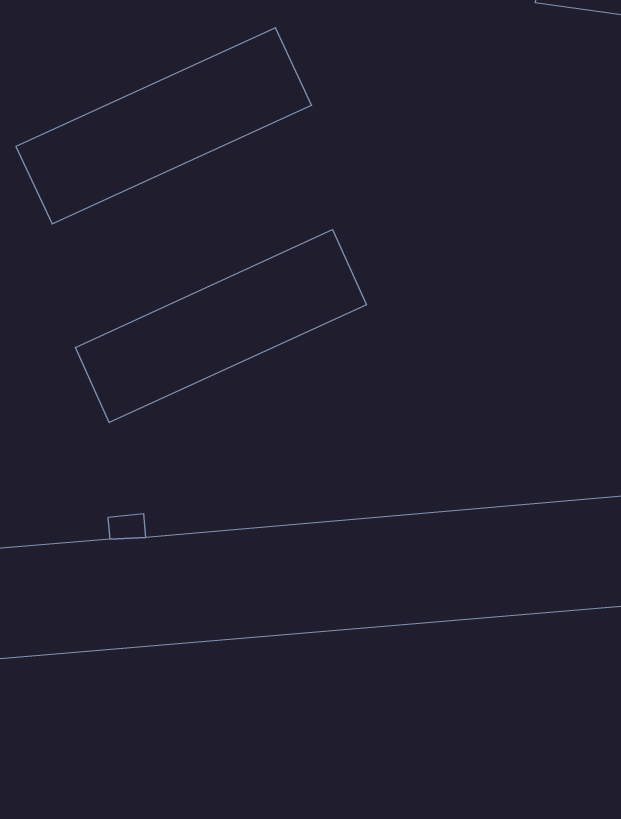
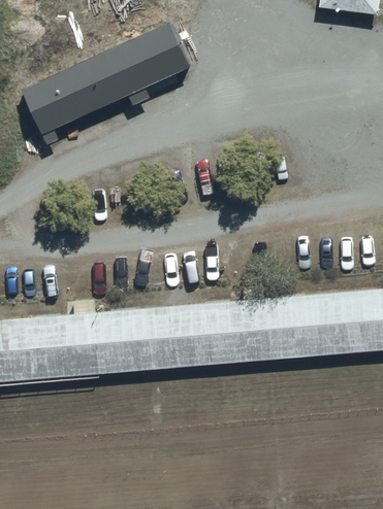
building: [75,230,366,423] -> none

